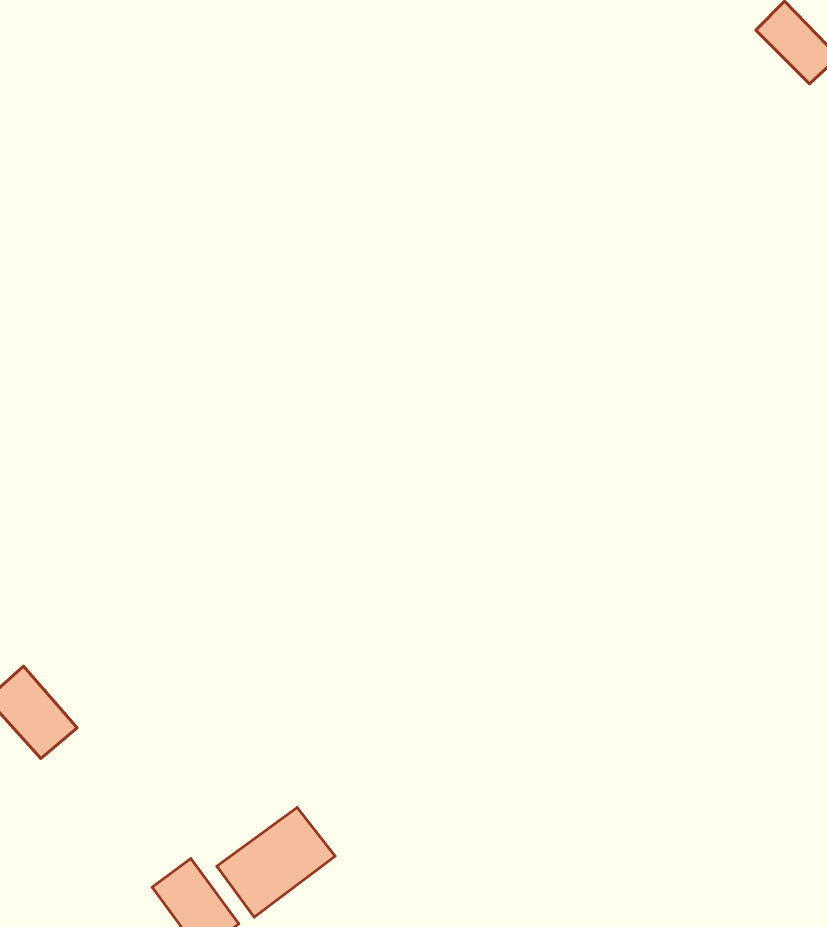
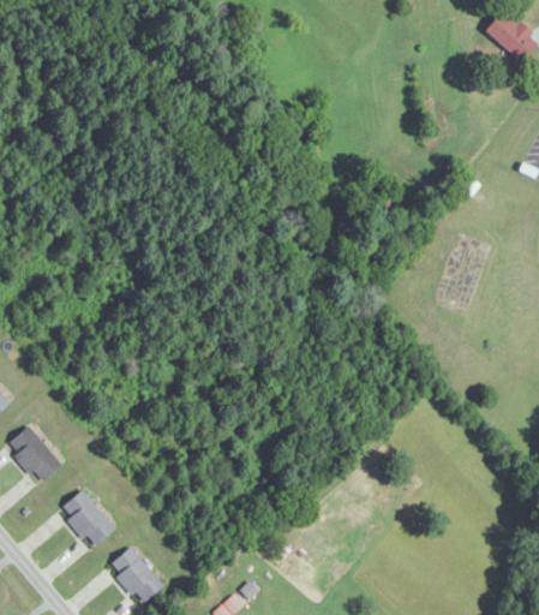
building: none -> [60,490,116,545]
building: [217,808,335,917] -> none

